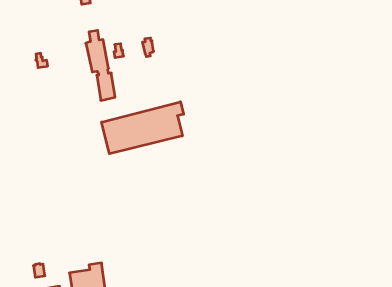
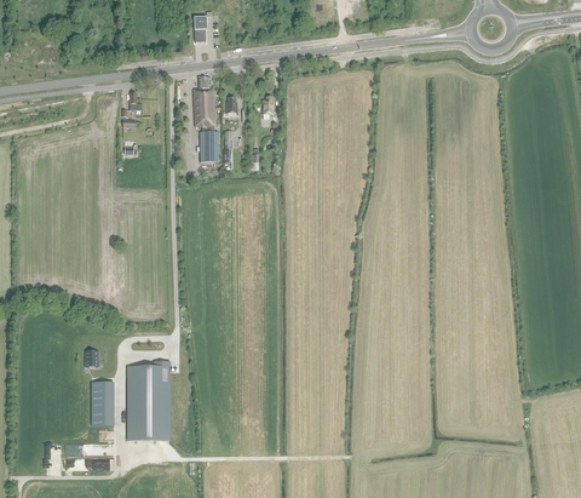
building: [102,102,184,154] -> none

